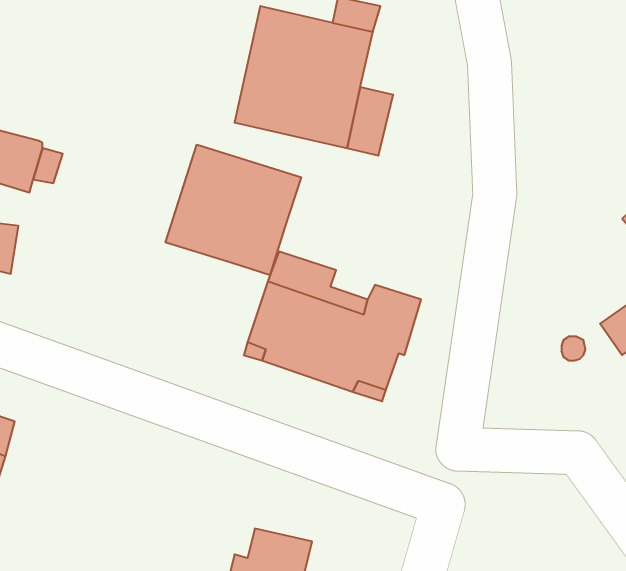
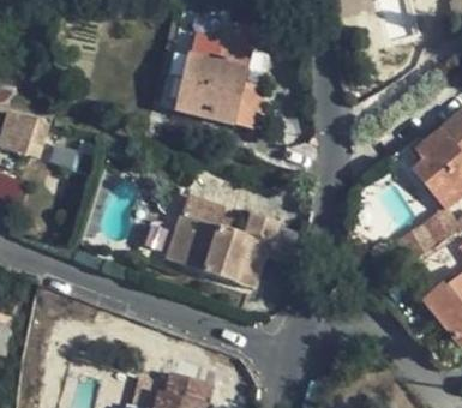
building: [166,145,301,275] -> none

